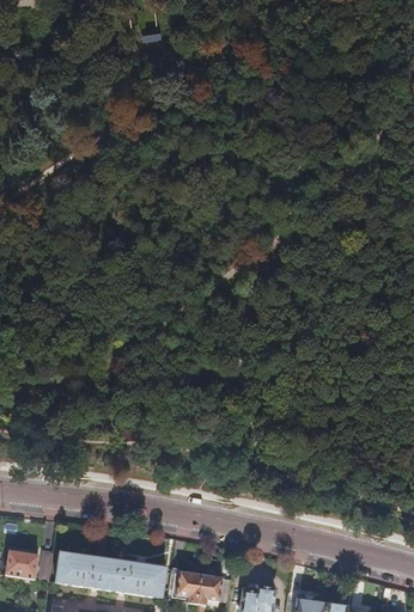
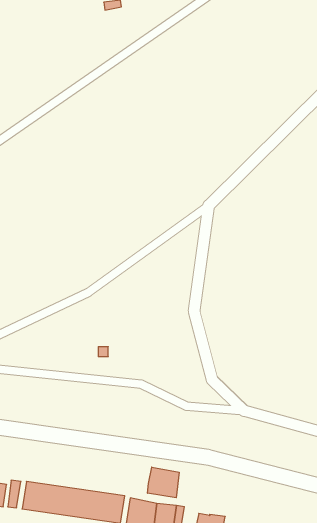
building: none -> [148,467,179,498]

